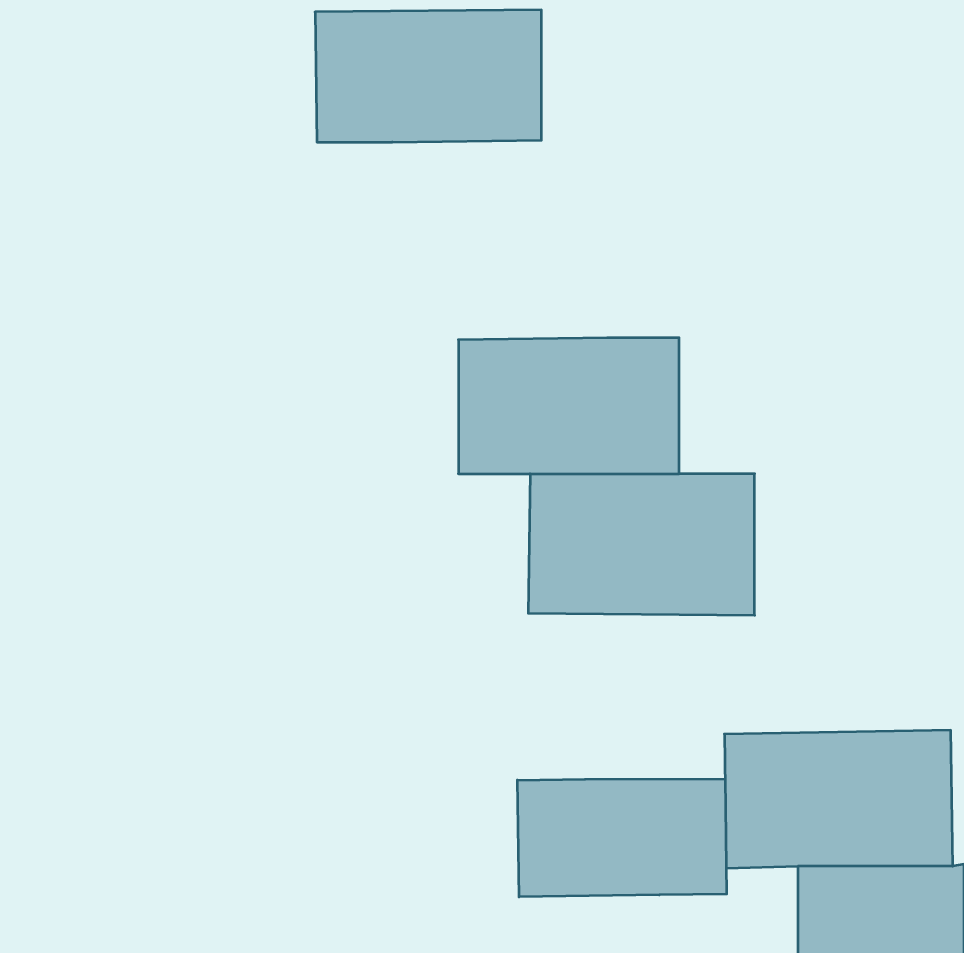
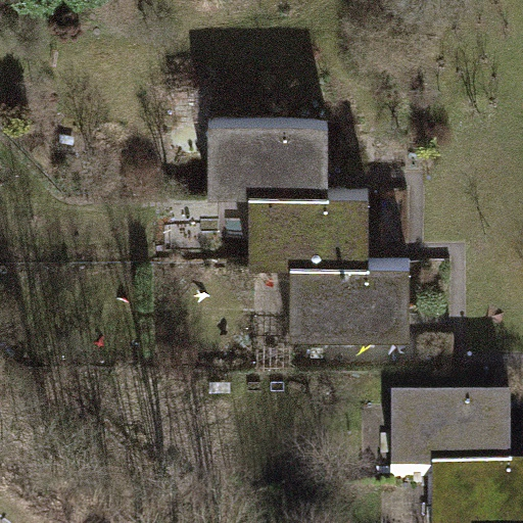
building: [315,10,541,142] -> [206,118,329,190]
building: [517,779,727,897] -> none

